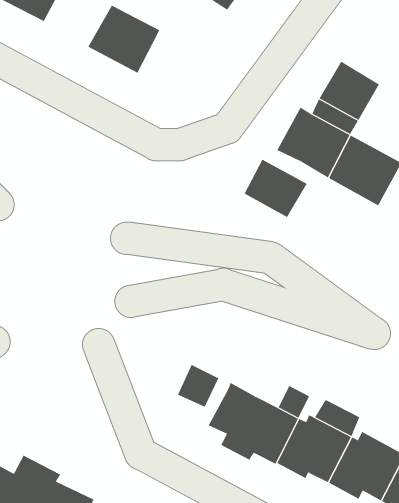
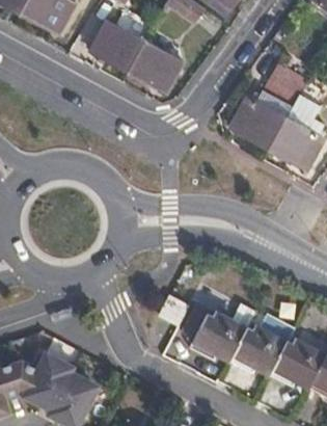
building: none -> [129,39,183,92]
building: [244,159,308,218] -> none

